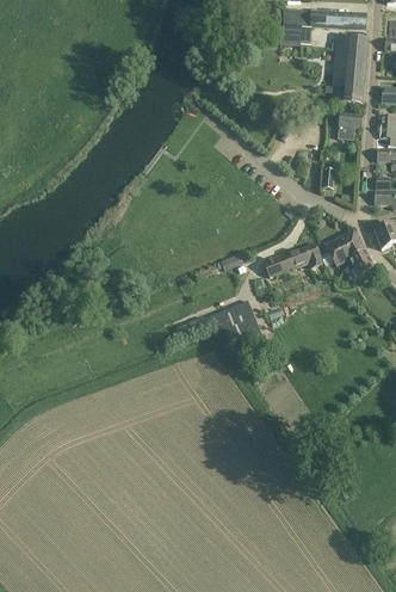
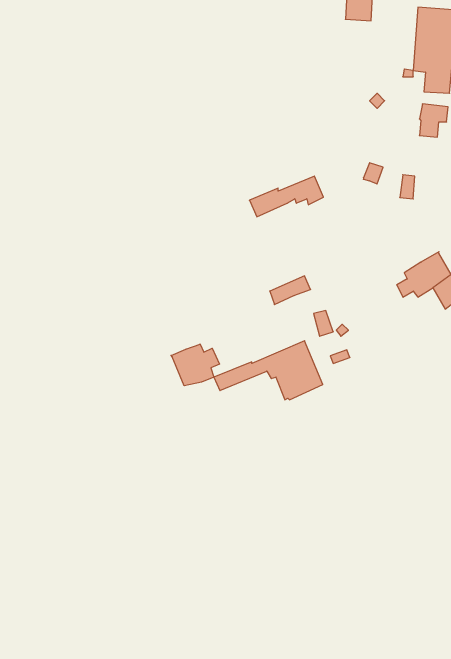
building: [264,242,322,275] -> [249,176,323,217]
building: none -> [171,344,219,386]

